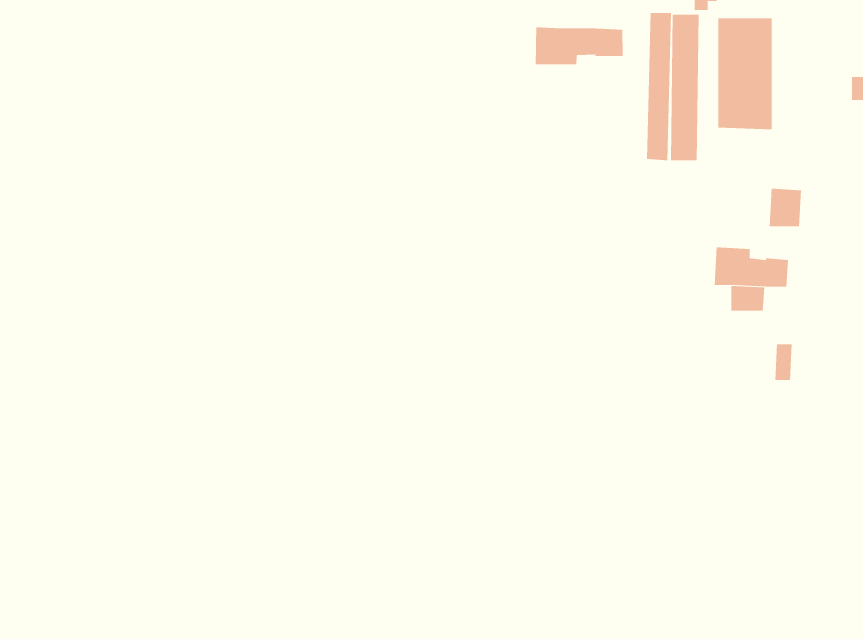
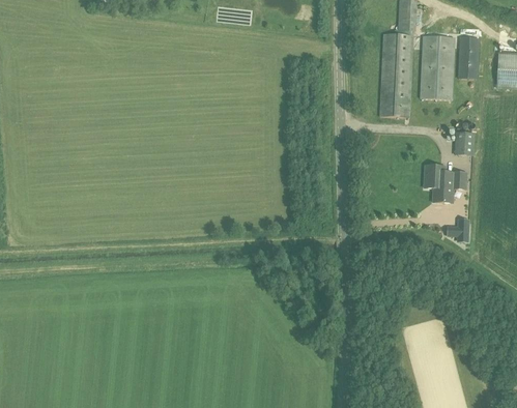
building: none -> [459,33,476,76]
building: [535,27,623,65] -> none

